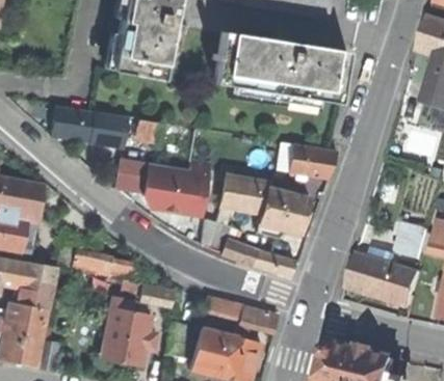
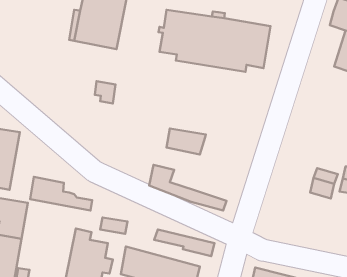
building: [52,108,129,147] -> none
building: [277,143,338,179] -> none
building: [116,159,210,216] -> none
building: [257,187,311,238] -> none
building: [348,253,420,308] -> none

